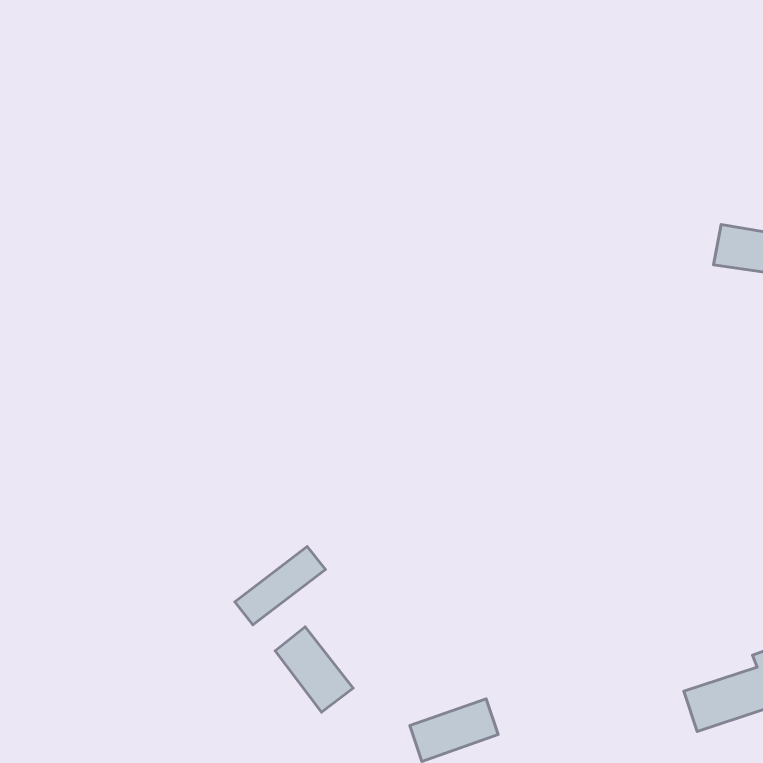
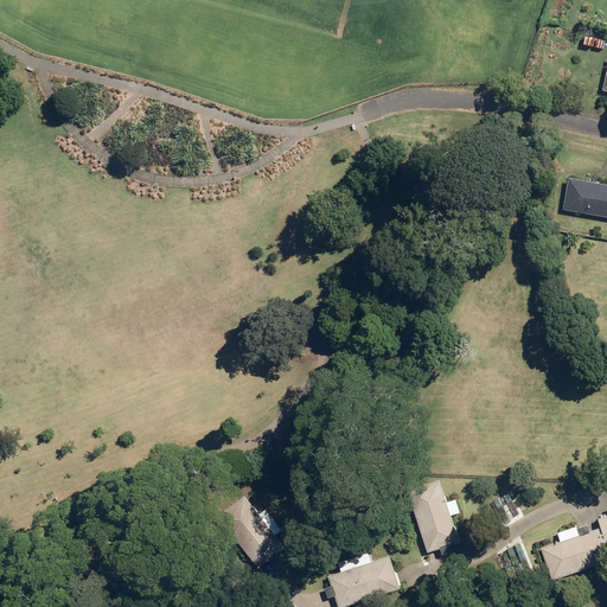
building: [235,547,326,625] -> none
building: none -> [408,481,456,549]

